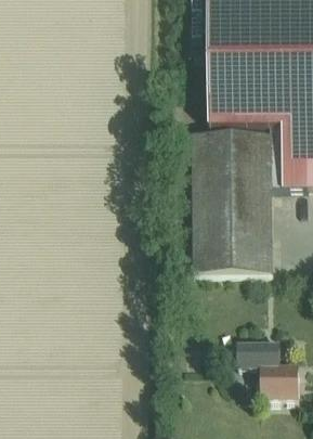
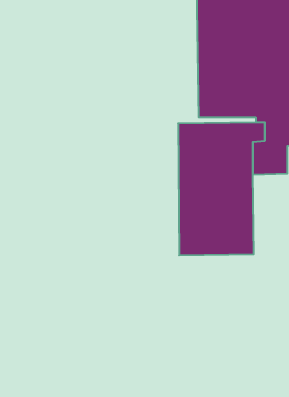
building: [237,344,298,399] -> none

